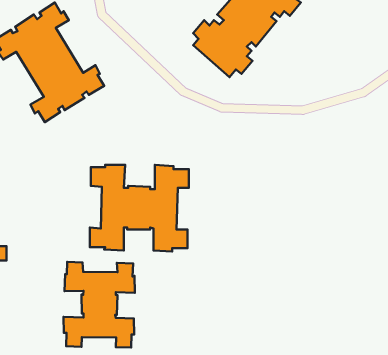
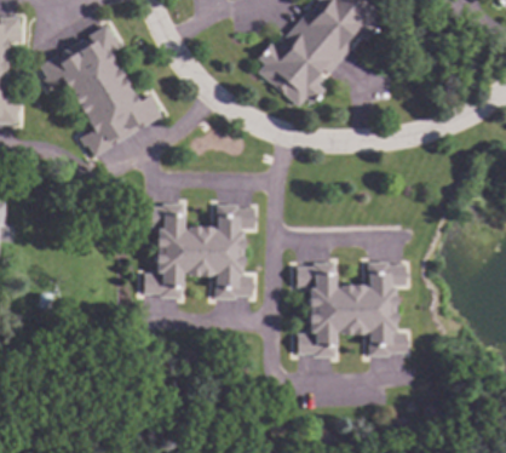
building: none -> [297,260,407,357]
building: [64,262,135,348] -> none

